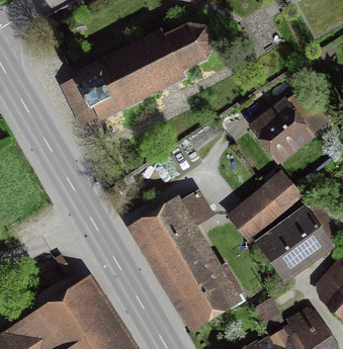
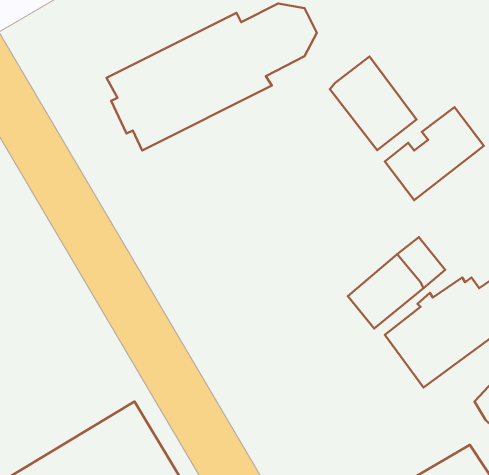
building: none -> [330,57,416,150]
building: [137,190,239,319] -> none

